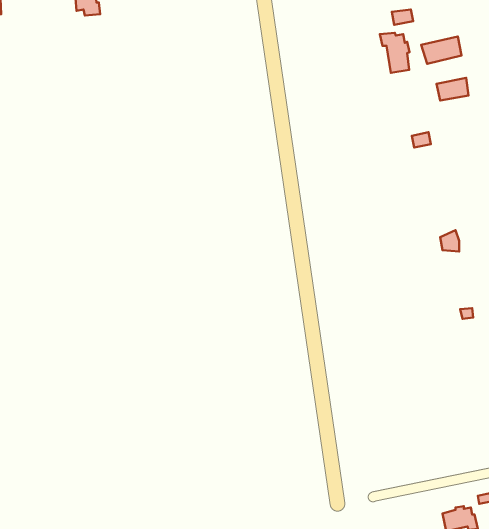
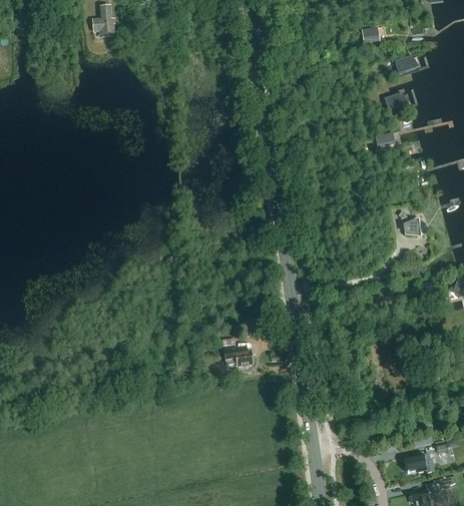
building: [380,33,410,73] -> none
building: none -> [224,347,254,367]

